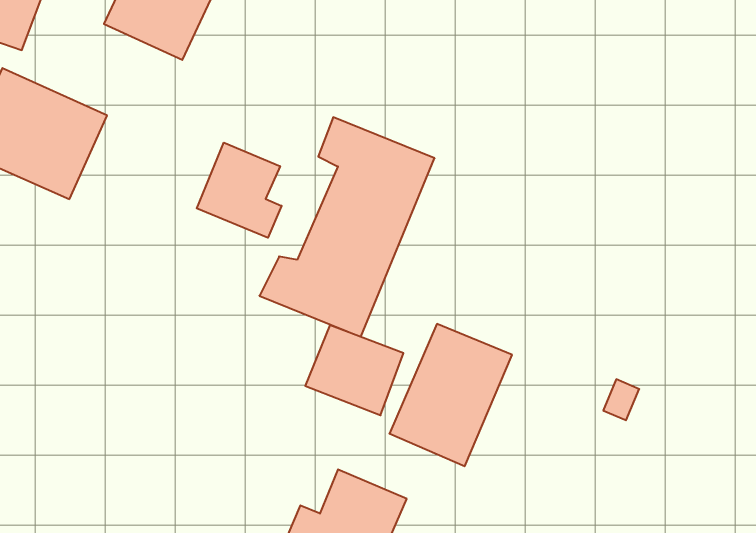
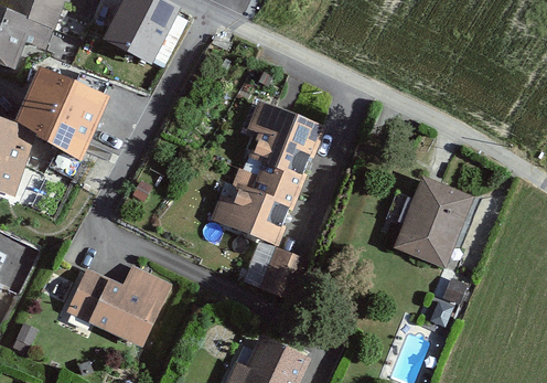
building: [197,143,282,238] -> none
building: [389,324,512,466] -> [392,171,474,267]
building: none -> [62,266,168,348]

